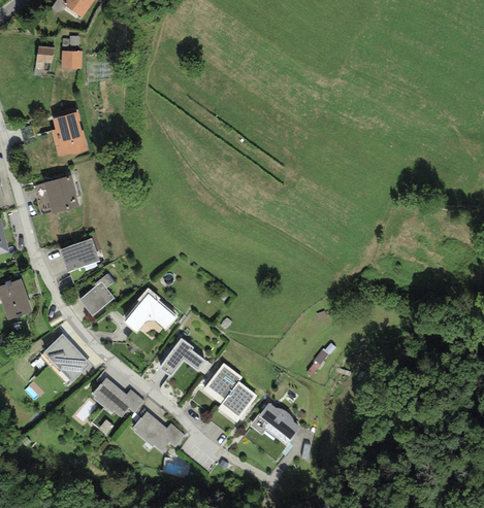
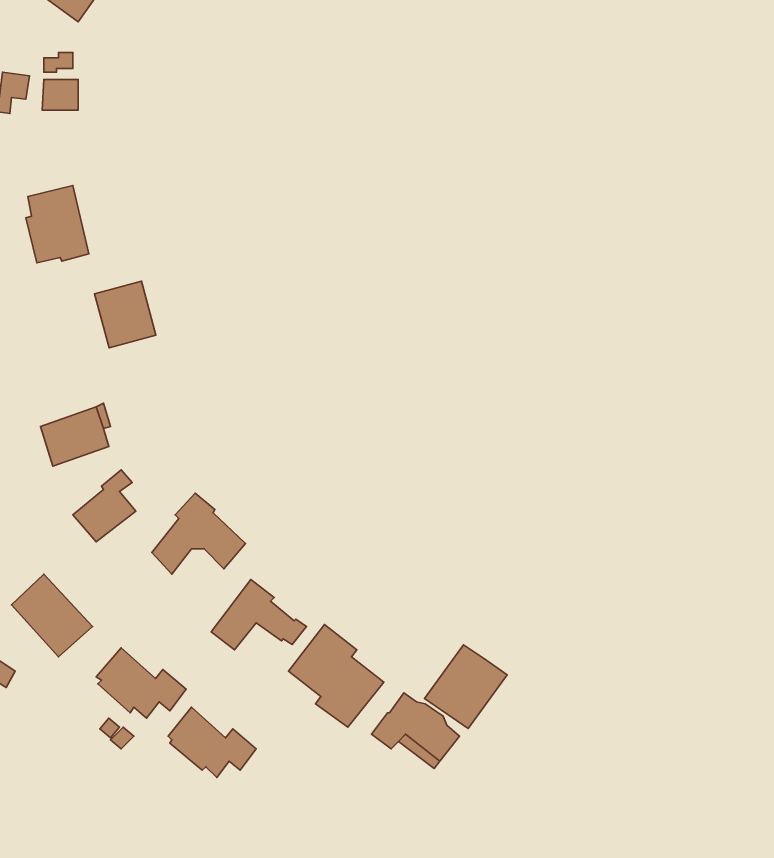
building: [43,175,78,213] -> [95,281,156,348]
building: none -> [424,645,507,728]

